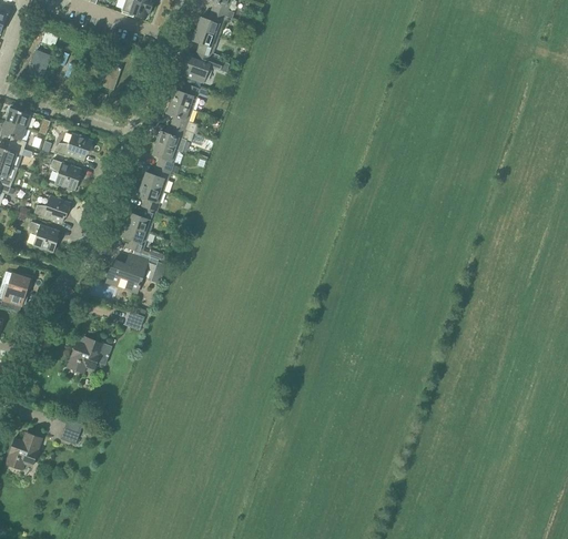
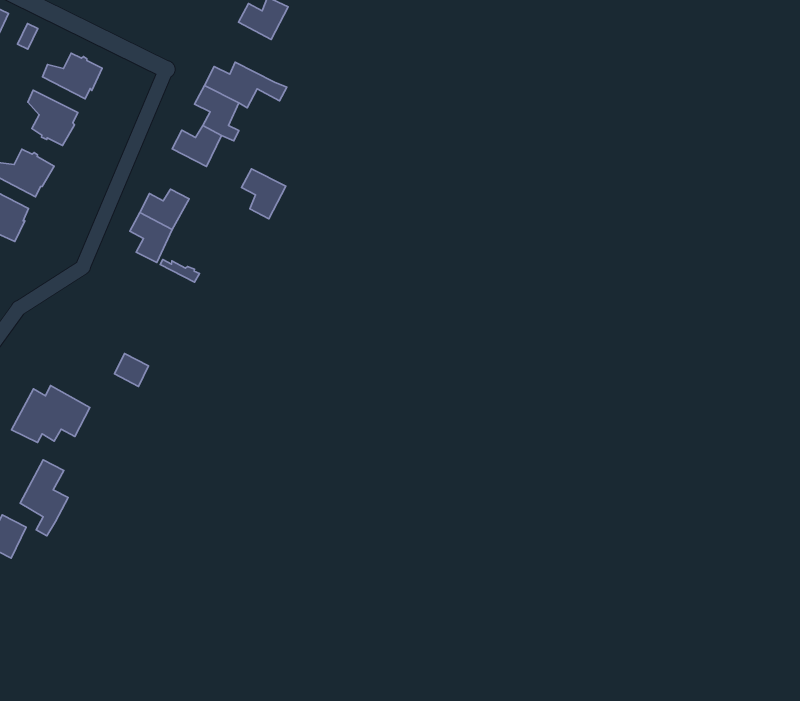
building: [165,101,199,134] -> none
building: [135,183,162,212] -> [242,169,286,219]
building: [104,256,155,293] -> none
building: none -> [20,460,68,536]

